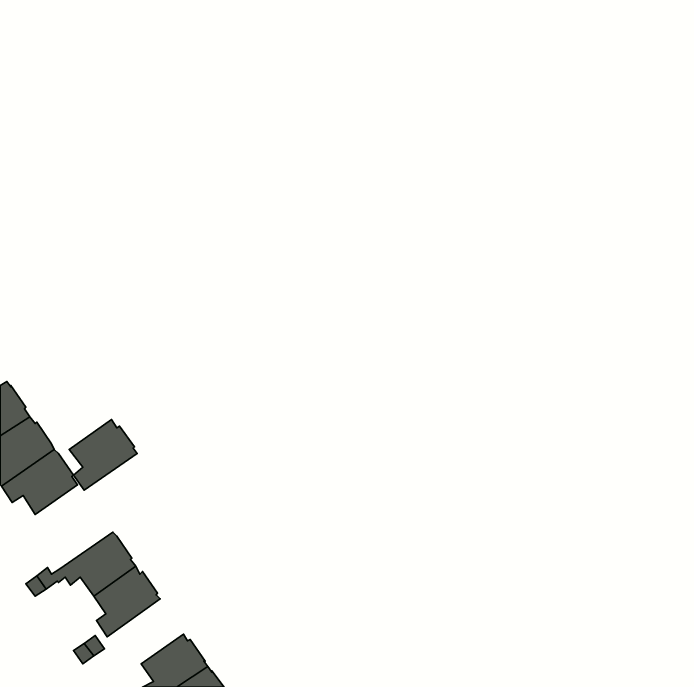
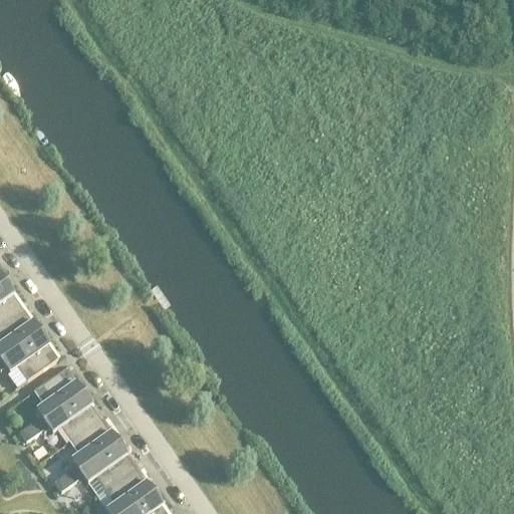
building: [69,420,137,490] -> [33,368,83,421]
building: none -> [79,443,136,491]

